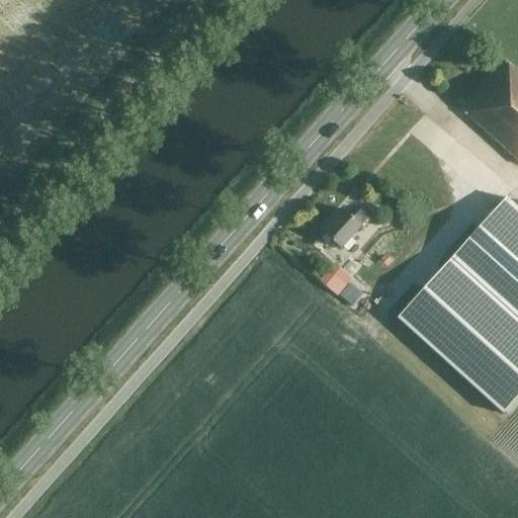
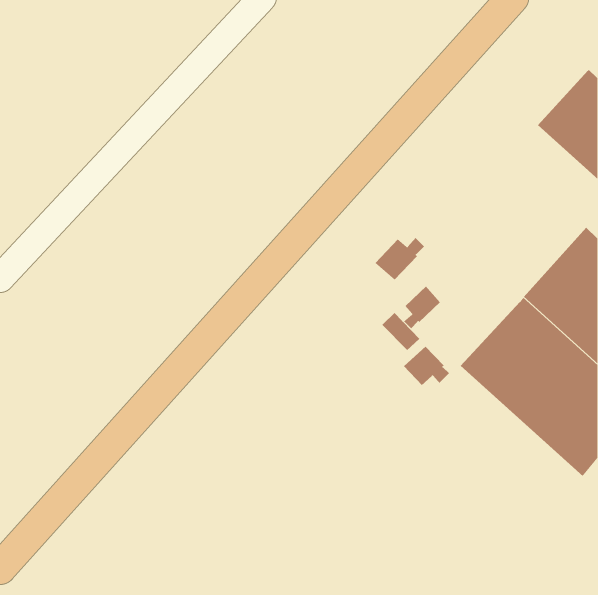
building: none -> [403,286,441,329]
building: none -> [403,346,450,386]

